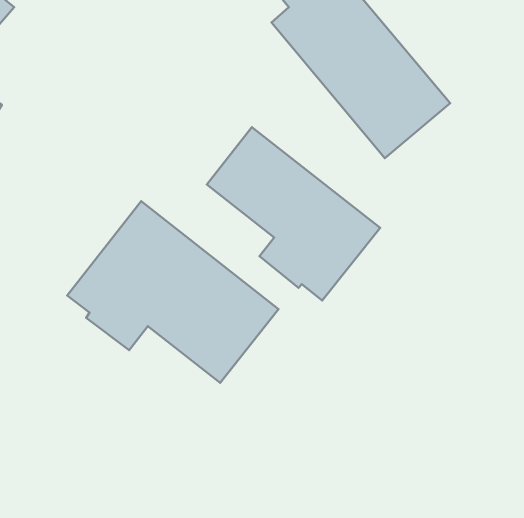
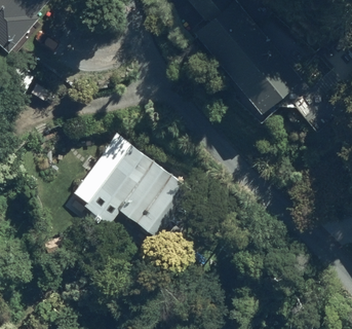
building: [207,127,380,301] -> none

